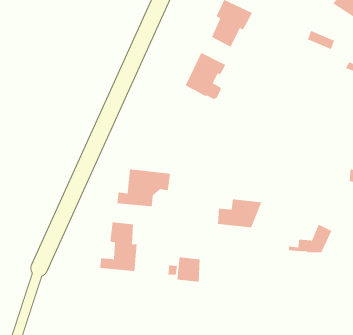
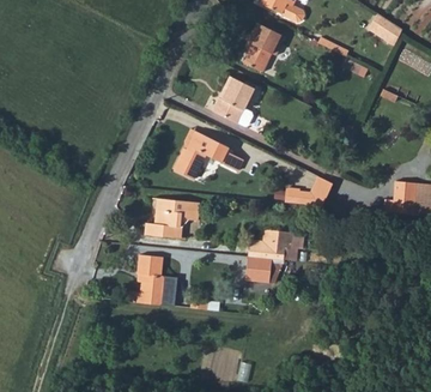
building: none -> [172,132,242,180]
building: [288,224,332,253] -> [286,176,332,206]
building: [176,257,201,282] -> [245,257,271,283]

